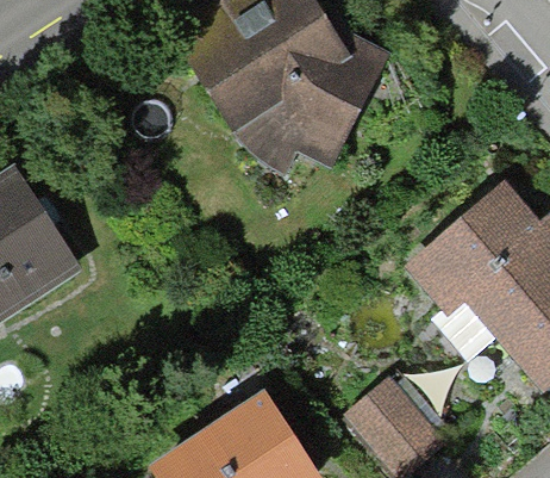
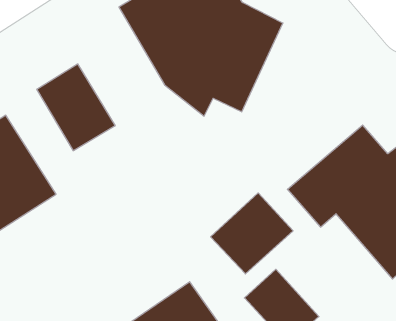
building: none -> [37,64,115,151]
building: none -> [211,193,293,274]

